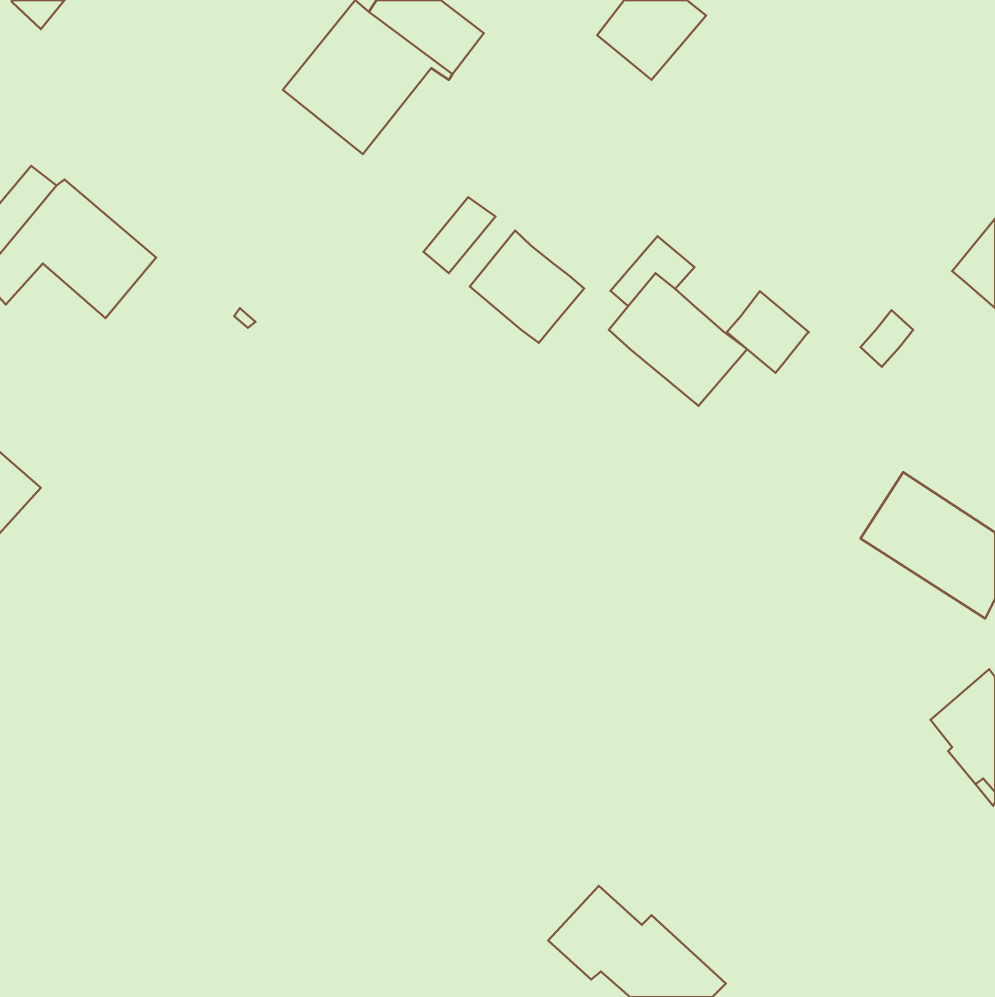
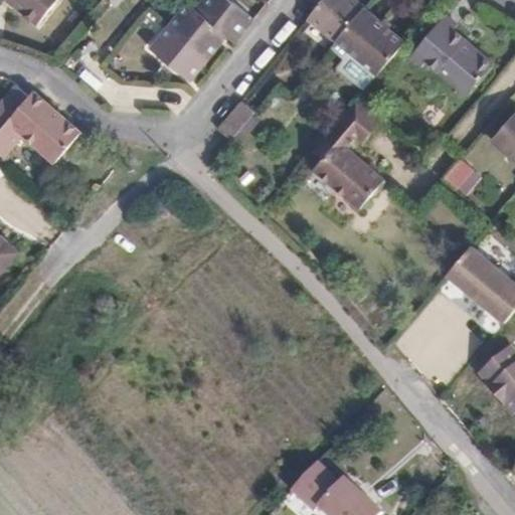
building: none -> [336,8,405,76]
building: none -> [410,15,493,97]
building: [470,231,584,343] -> none
building: [727,291,809,373] -> [339,101,381,143]

